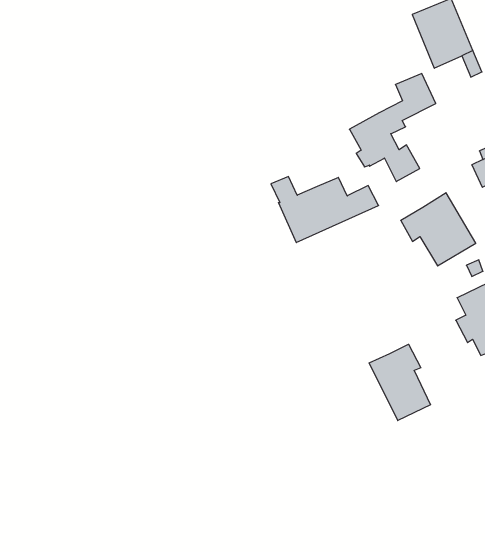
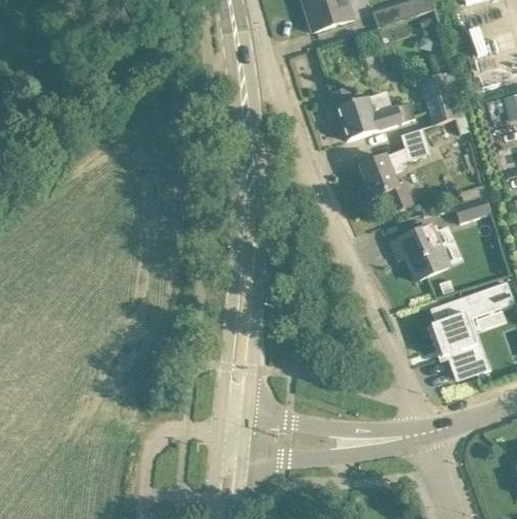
building: [271,177,379,243] -> [331,87,414,139]
building: [369,344,431,421] -> none

